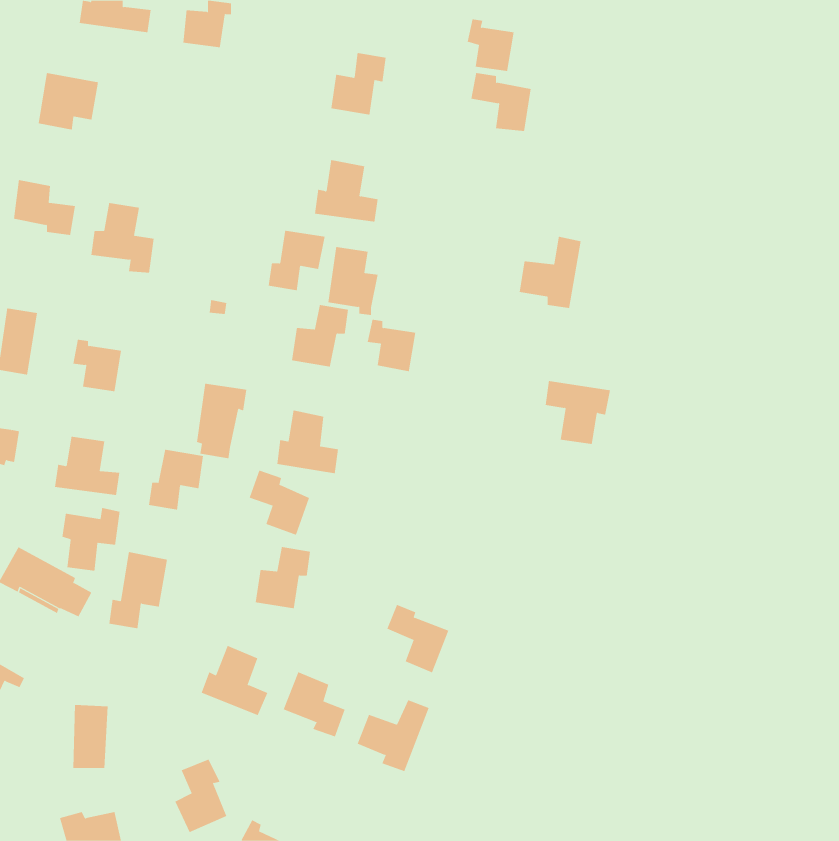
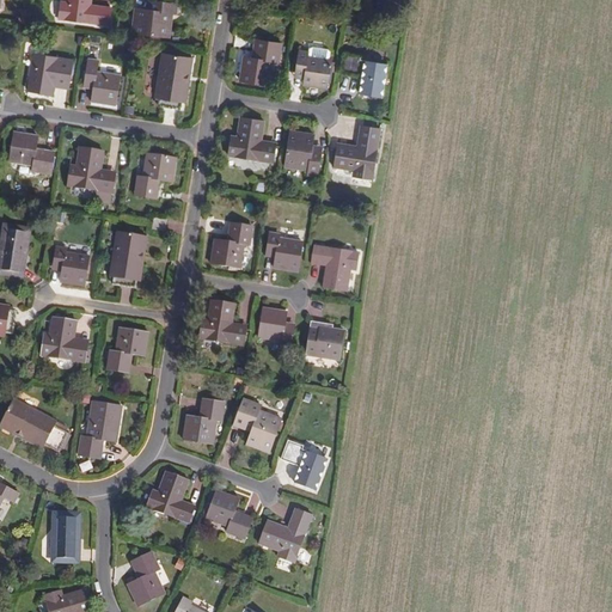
building: [467,19,514,72] -> [296,49,331,87]
building: none -> [153,54,190,109]
building: none -> [84,59,120,104]
building: [268,230,326,291] -> [134,153,176,197]
building: [519,236,581,309] -> [333,124,379,177]
building: [327,246,378,316] -> [284,130,322,180]
building: [545,380,611,445] -> [312,244,360,290]
building: [196,383,247,459] -> [110,231,147,286]
building: none -> [258,307,293,344]
building: none -> [306,322,343,359]
building: [249,470,310,536] -> [234,403,279,451]
building: [62,507,120,571] -> none

